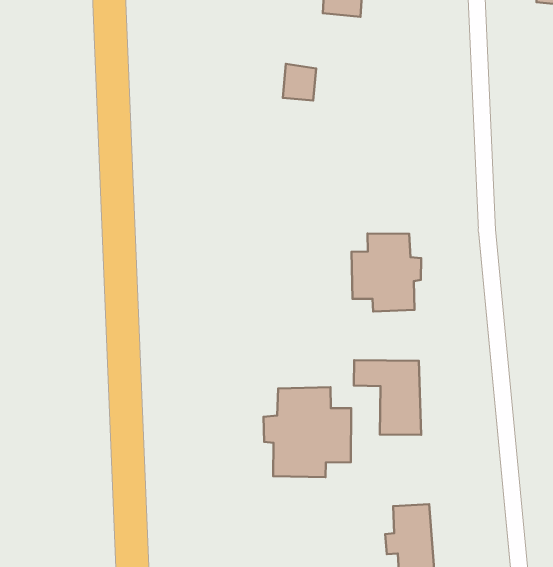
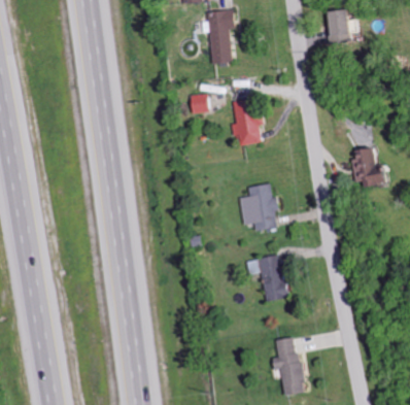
building: none -> [230,98,263,145]
building: [264,387,351,477] -> none

